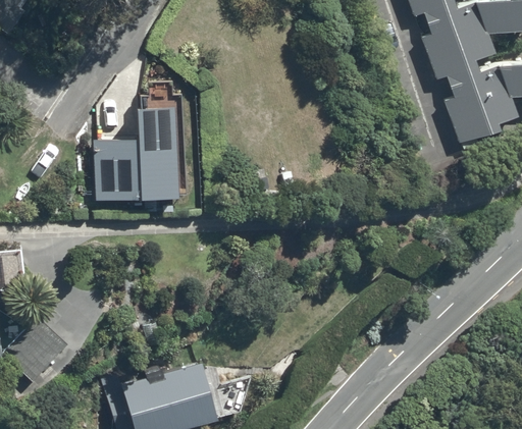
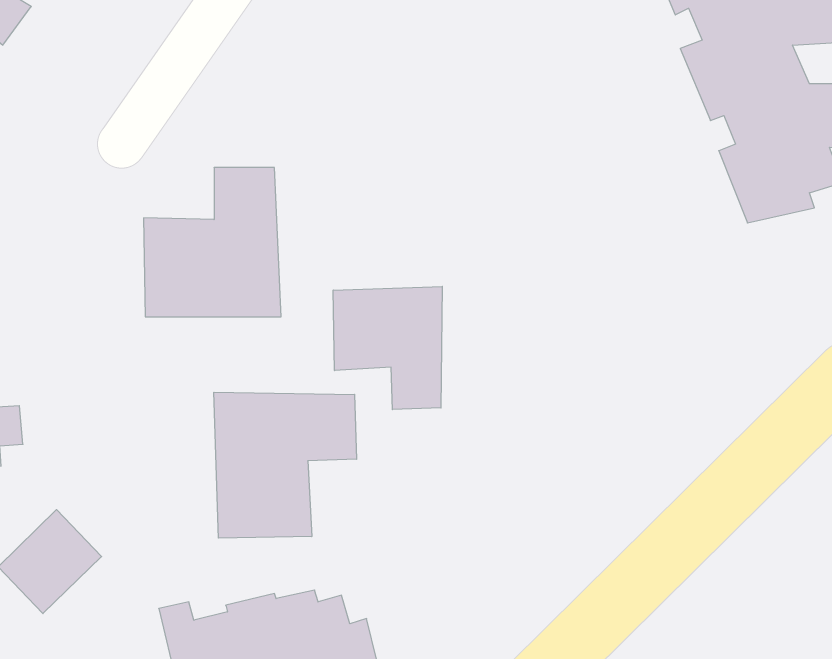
building: none -> [333,286,442,410]
building: none -> [214,392,357,538]

